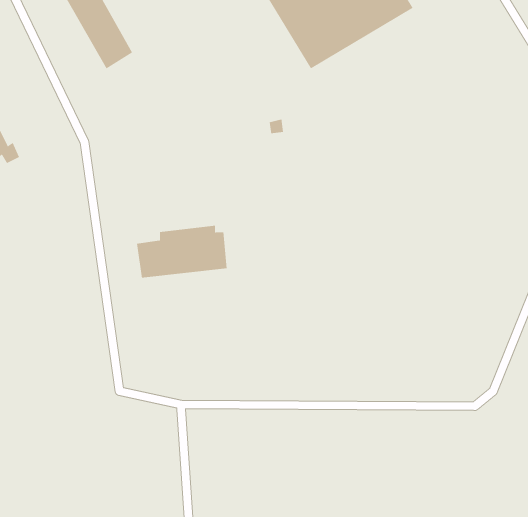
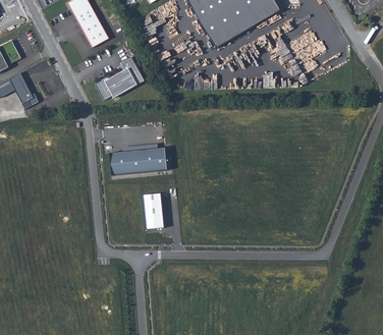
building: none -> [95,57,144,100]
building: none -> [143,193,164,229]

